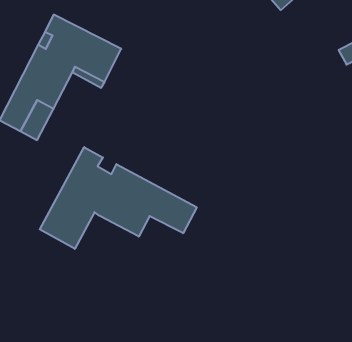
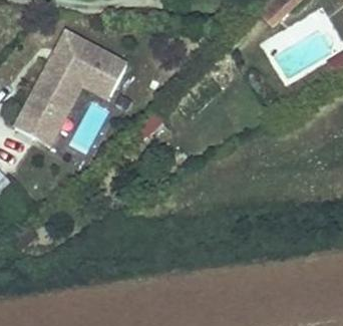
building: [40,147,197,249] -> none

